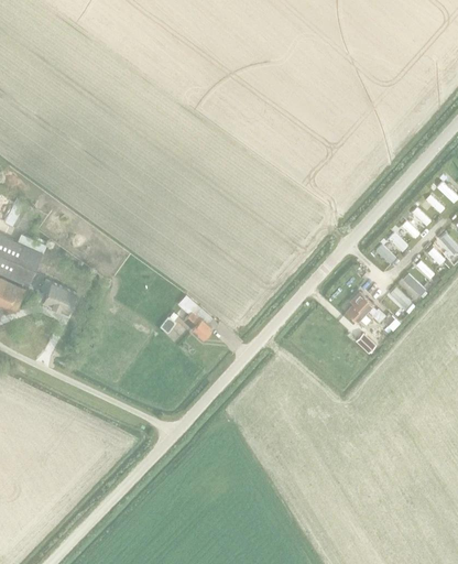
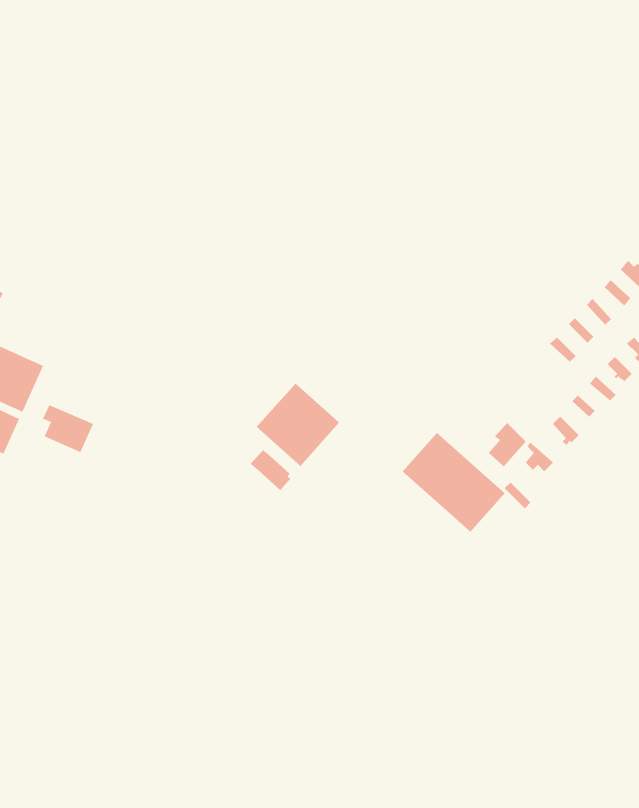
building: none -> [256,383,340,467]
building: none -> [402,432,505,532]

